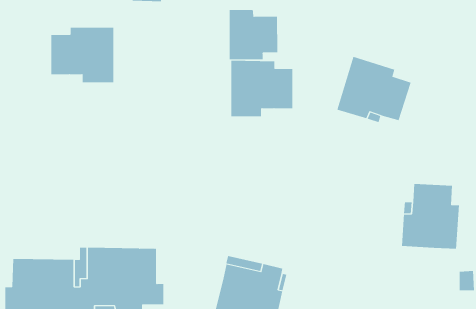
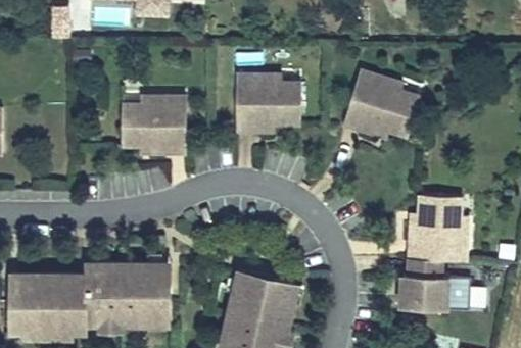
building: [229,9,278,60] -> none
building: [51,27,114,83] -> [122,96,186,152]
building: none -> [401,260,449,311]

